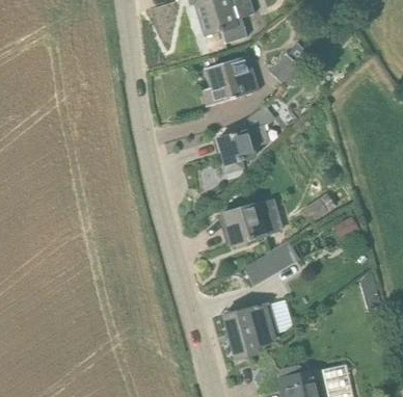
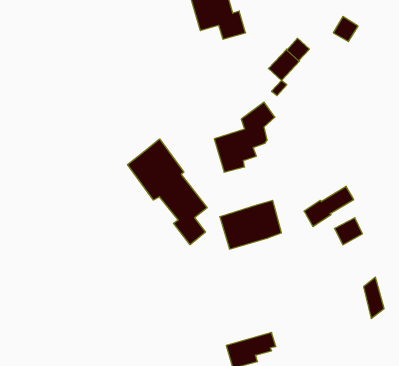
building: [203,55,259,105] -> none
building: none -> [128,139,207,245]
building: [244,241,298,285] -> none
building: [222,302,272,337] -> none

